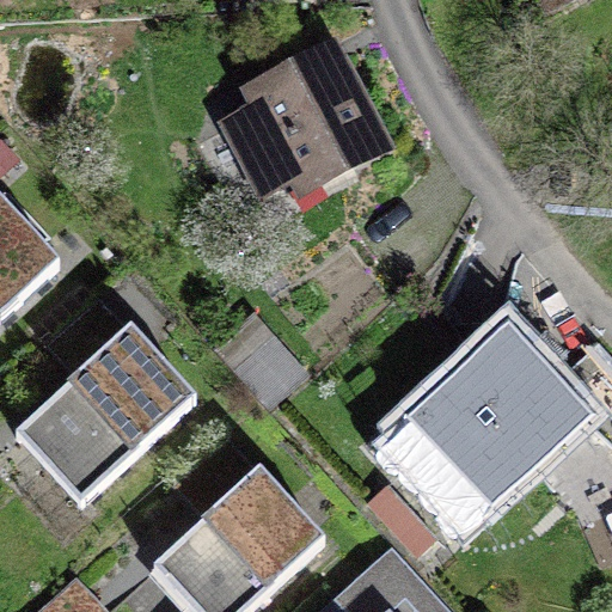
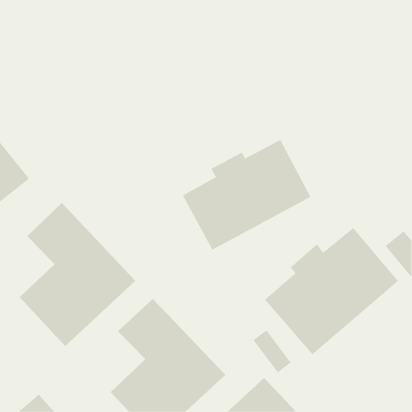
building: [218,42,399,207] -> none
building: none -> [182,139,311,250]

